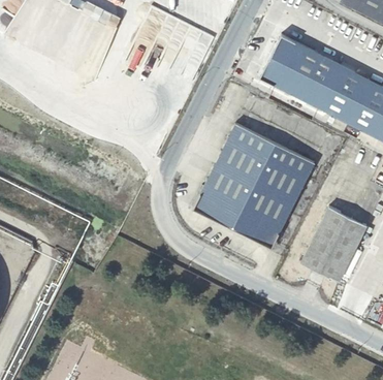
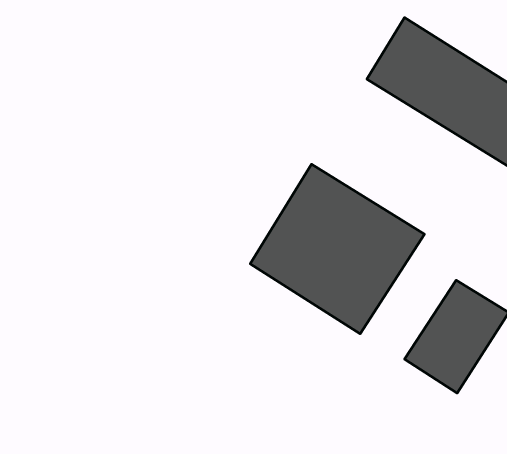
building: [228,124,316,179] -> none

